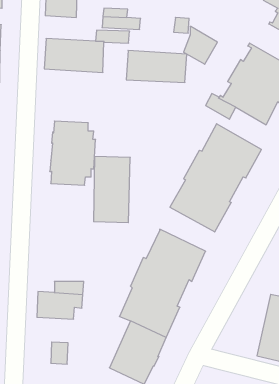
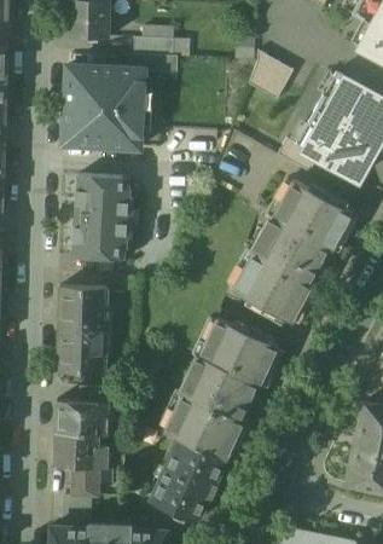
building: [126,50,187,82] -> [63,106,143,149]
building: [94,157,130,223] -> [58,287,106,374]
building: none -> [53,434,109,468]

